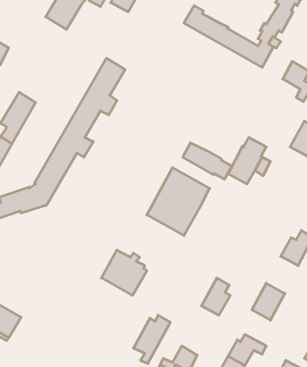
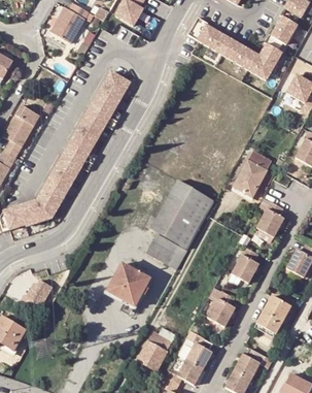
building: [183,143,232,179] -> none
building: none -> [254,202,282,238]
building: none -> [145,234,186,269]
building: none -> [230,249,256,285]
building: none -> [20,280,53,310]
building: none -> [184,330,211,368]

